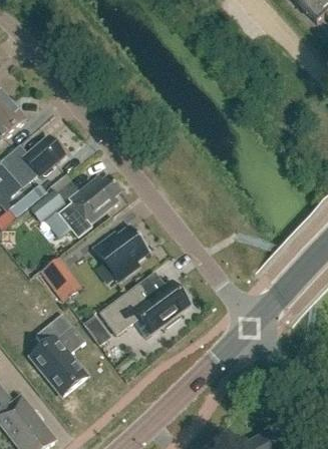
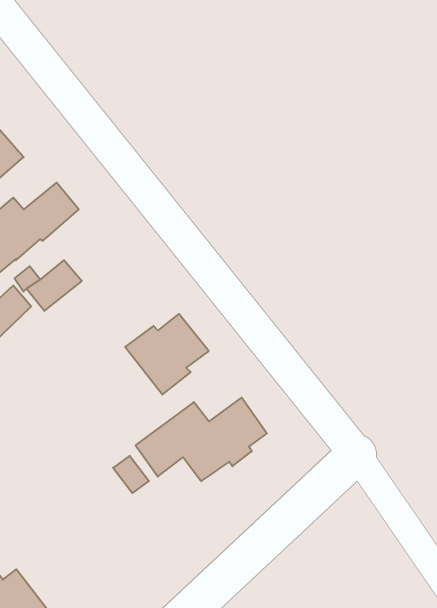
building: [59,173,120,237] -> none
building: [41,260,72,291] -> none
building: [27,309,82,391] -> none

